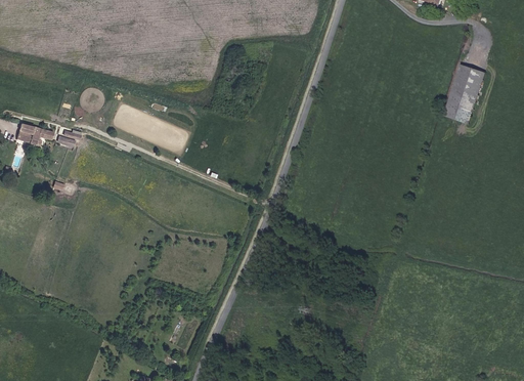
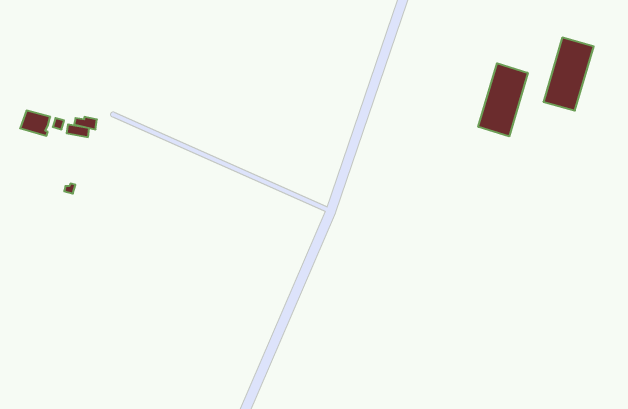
building: none -> [478,63,528,136]

